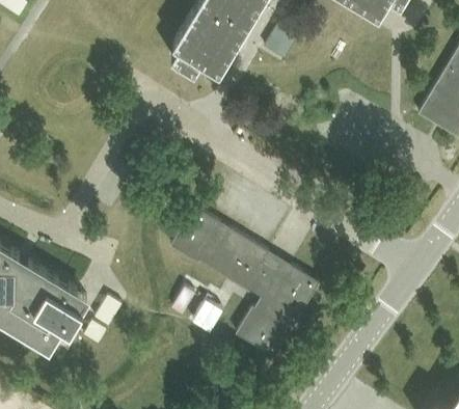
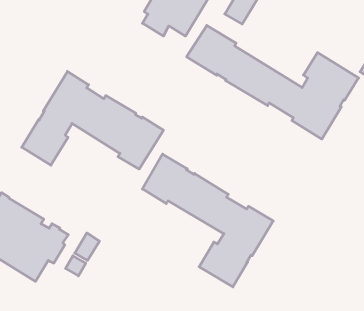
building: none -> [187,25,359,139]
building: none -> [22,71,163,169]

